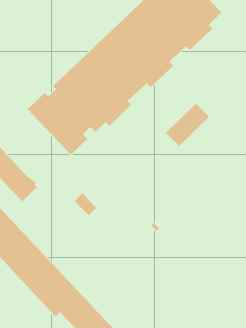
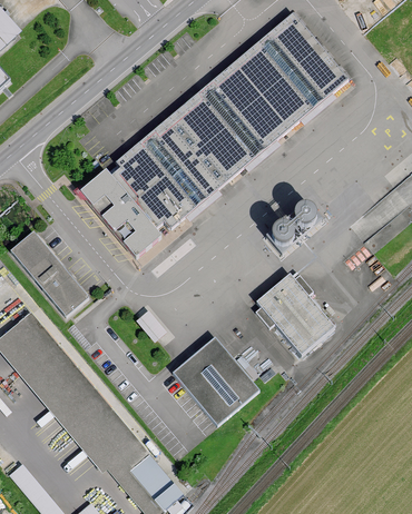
building: none -> [256,273,334,354]
building: none -> [171,336,258,424]

